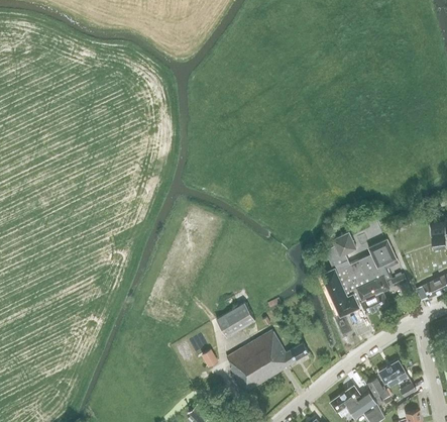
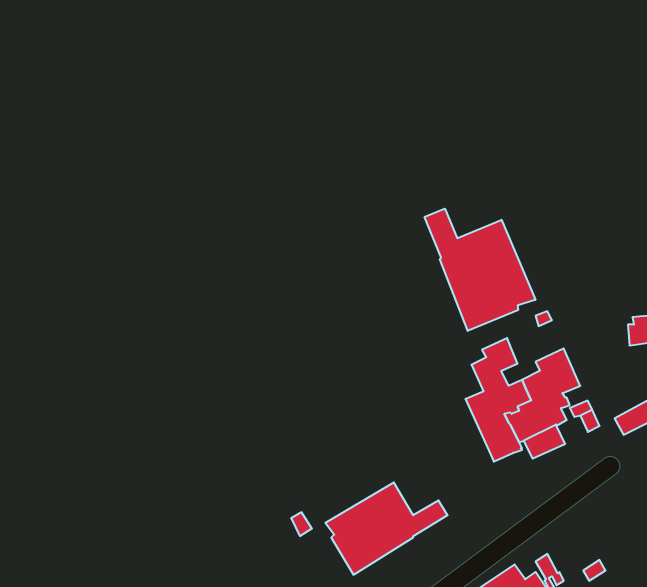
building: none -> [425,209,535,331]
building: [217,302,254,337] -> none
building: [378,359,408,386] -> none

